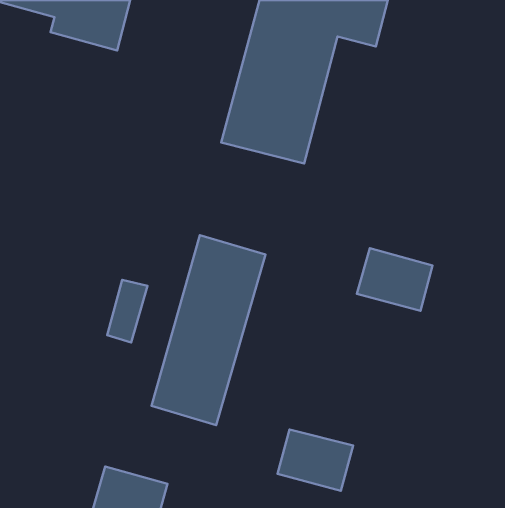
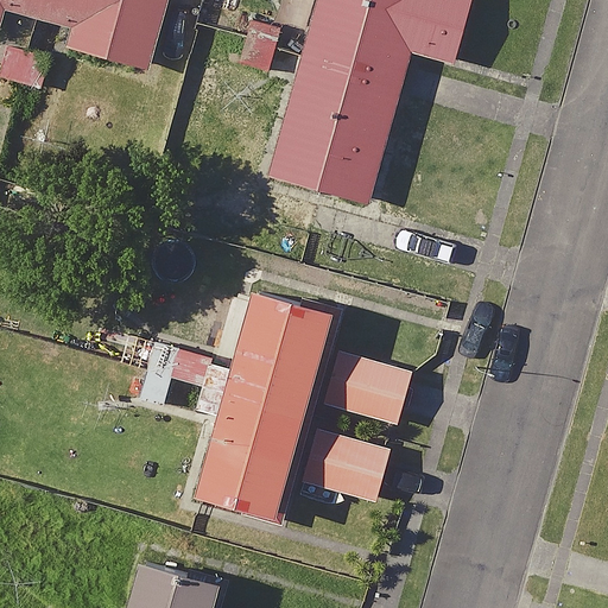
building: [357,248,433,311] -> [324,352,413,425]
building: [277,429,353,491] -> [302,430,391,502]

